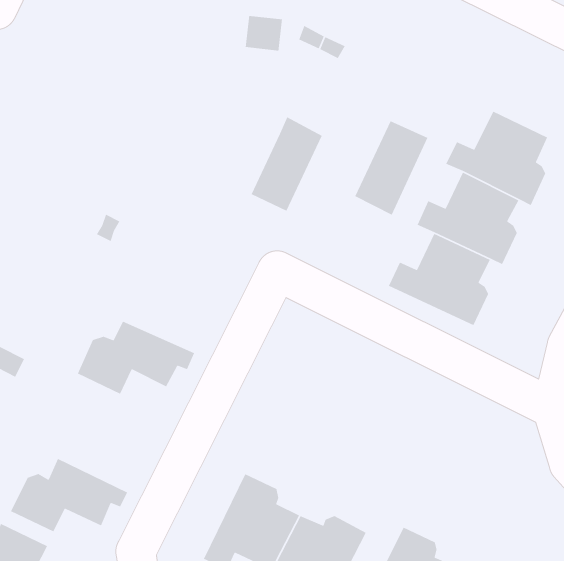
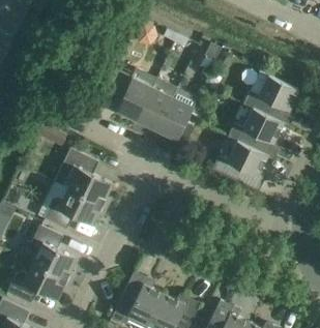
building: none -> [104,68,153,120]
building: [354,120,428,216] -> [157,88,198,140]
building: none -> [55,148,113,206]
building: none -> [31,225,77,281]

